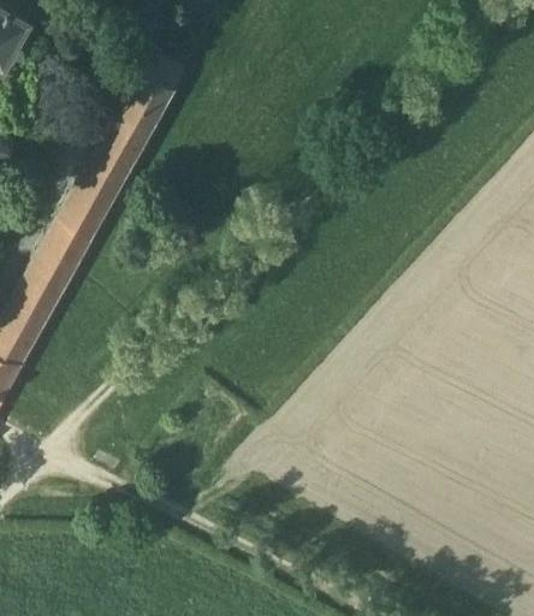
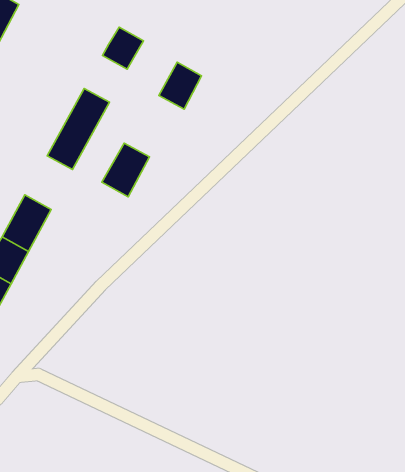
building: [108,93,161,150] -> [159,62,202,109]
building: [35,217,94,283] -> [102,143,150,197]

